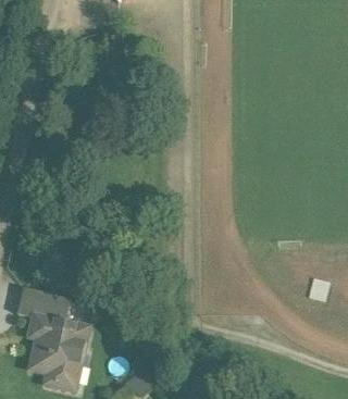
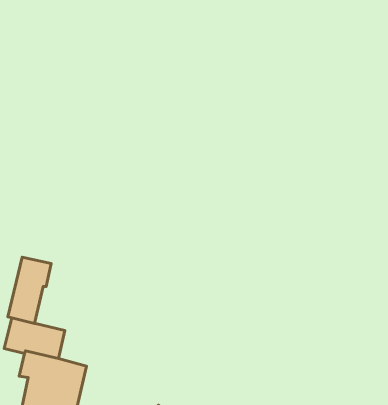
building: none -> [8,257,51,323]

